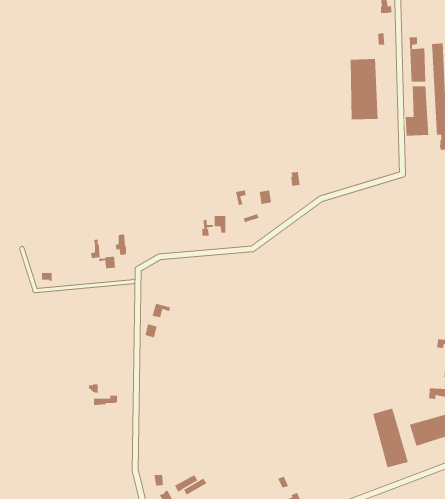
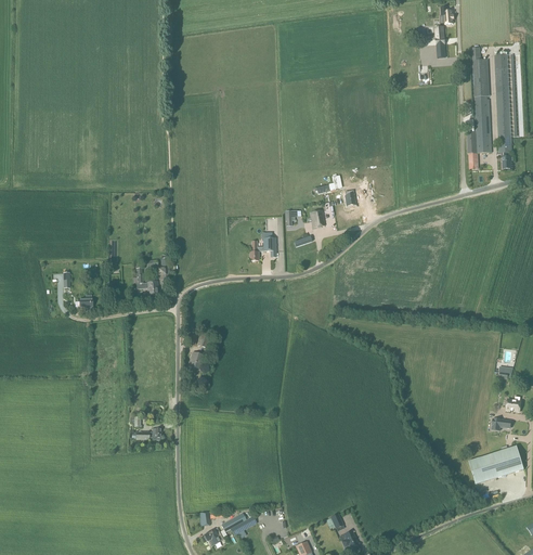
building: [350,58,379,120] -> none
building: [372,408,409,468] -> none

